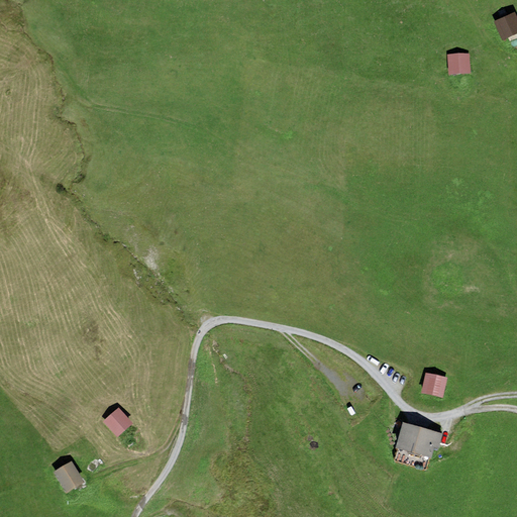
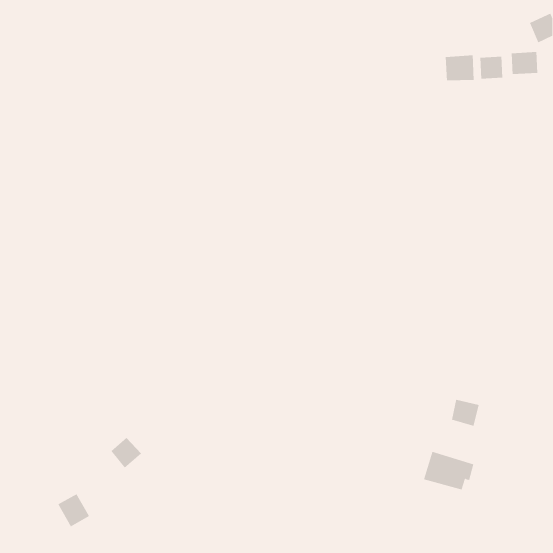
building: none -> [511,51,538,75]
building: none -> [445,54,474,81]

